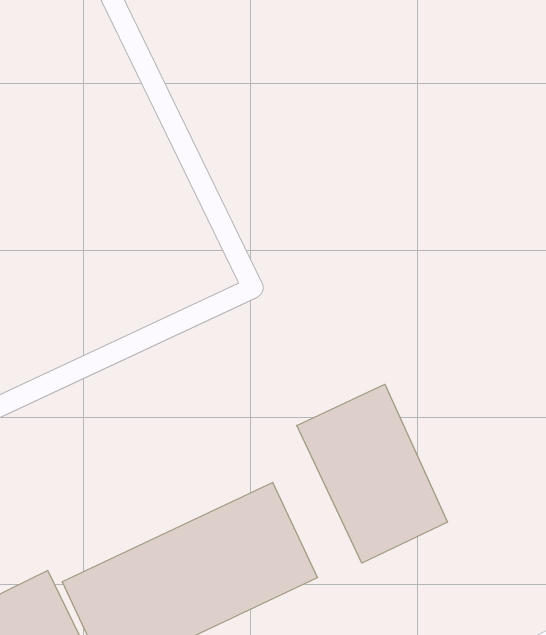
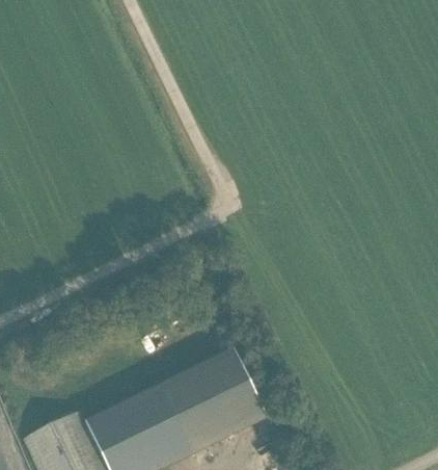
building: [297,384,448,563] -> none

